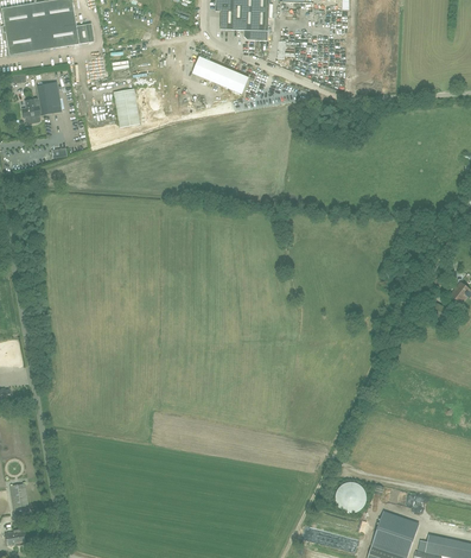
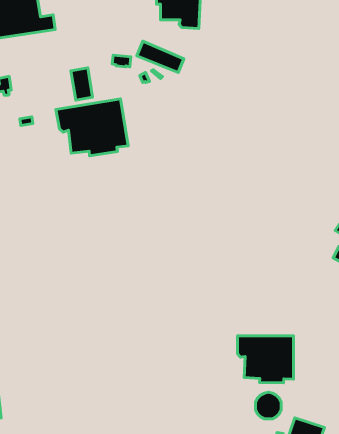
building: [36,81,61,114] -> none
building: none -> [56,99,128,156]
building: none -> [238,336,294,383]

